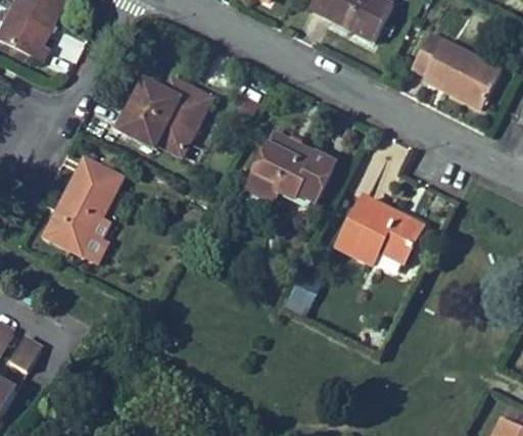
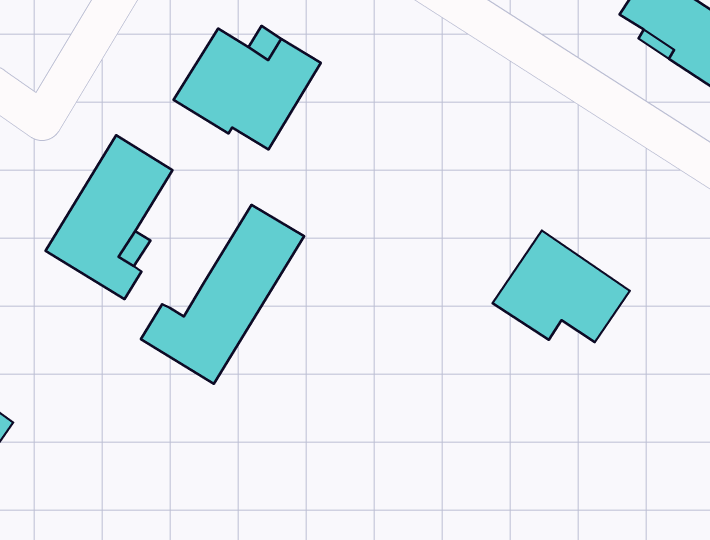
building: [245,125,341,204] -> none
building: none -> [141,205,304,384]

